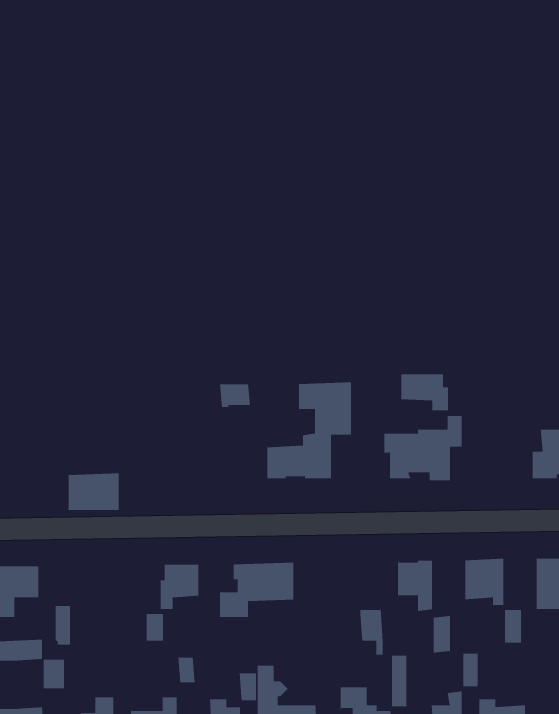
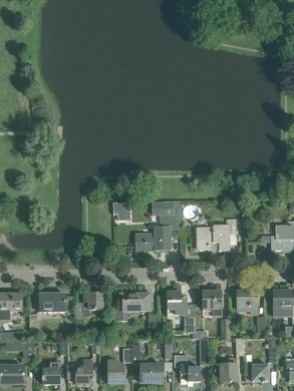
building: [401,373,448,411] -> none
building: [68,473,119,510] -> [39,293,65,312]
building: none -> [167,292,187,314]

